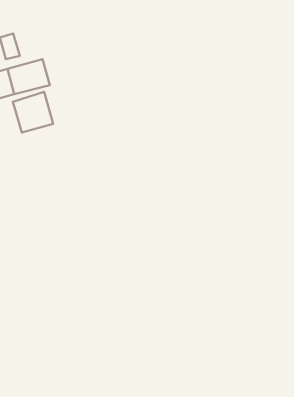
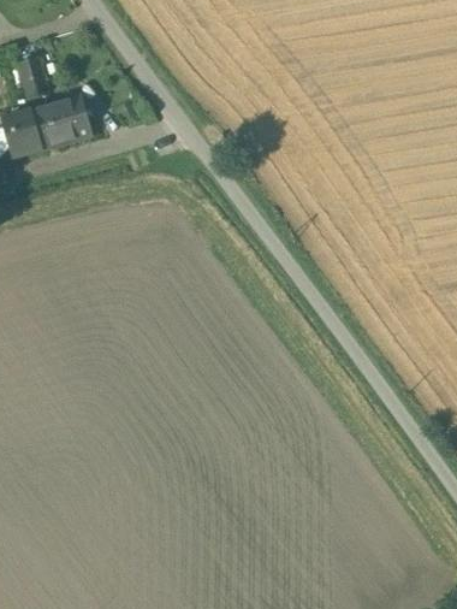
building: [13,92,53,132] -> none

